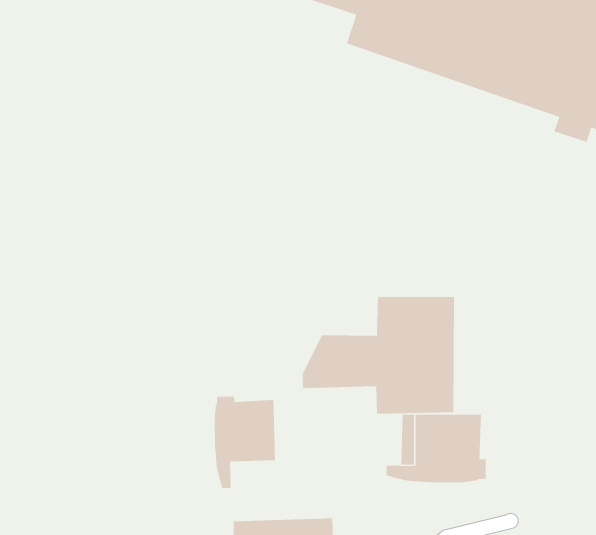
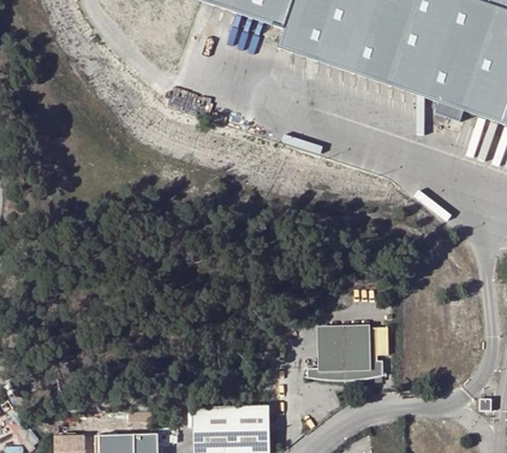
building: [302,296,455,415] -> none
building: [214,390,275,492] -> none

